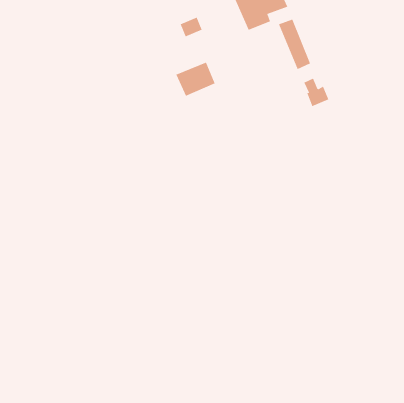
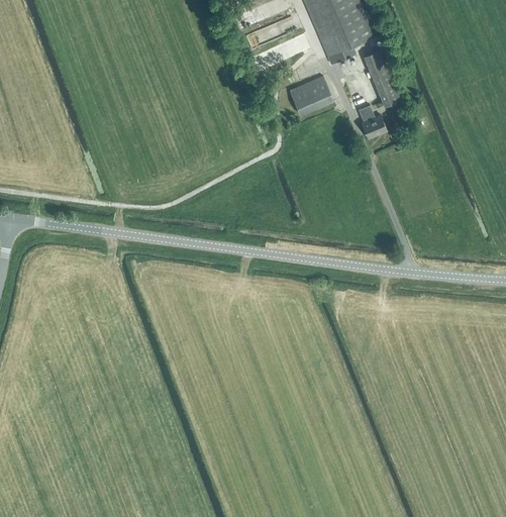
building: [175,62,216,96] -> [288,76,332,114]
building: [304,78,329,107] -> [358,105,386,137]

